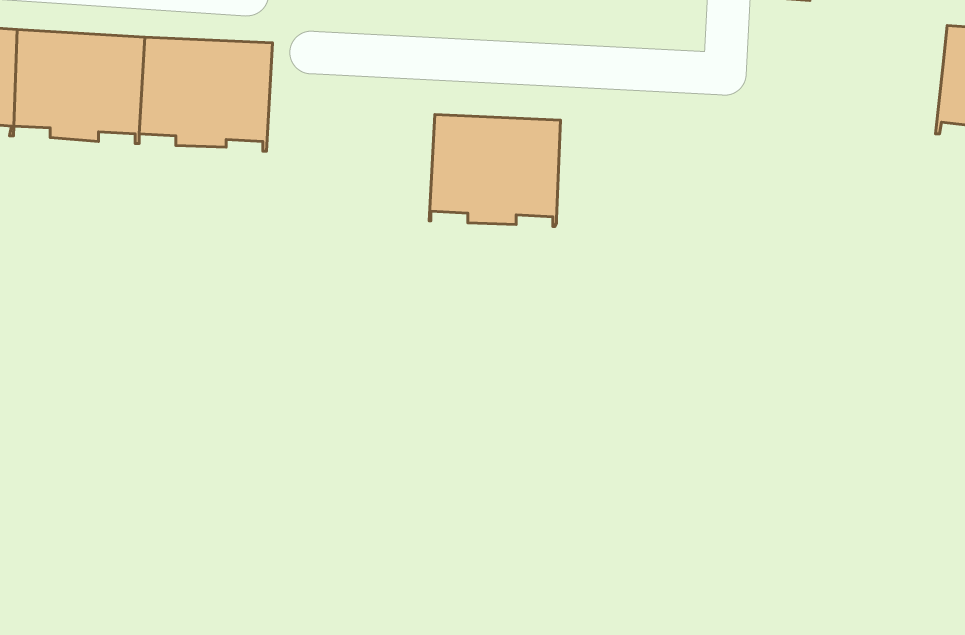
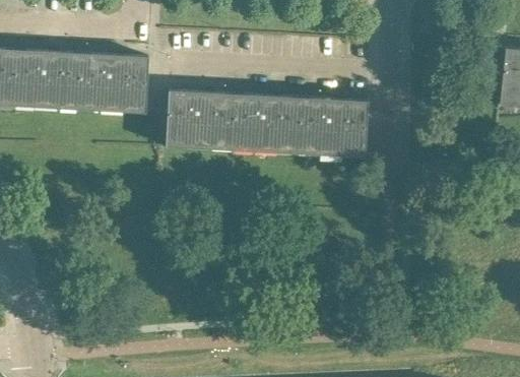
building: none -> [166,90,236,150]
building: none -> [300,98,368,159]

